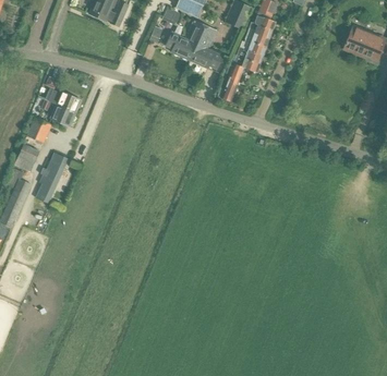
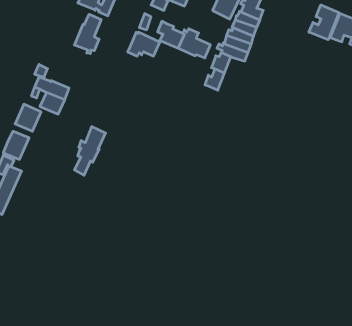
building: none -> [309,5,339,40]
building: [184,21,217,45] -> [128,32,160,56]
building: none -> [74,14,101,54]
building: [36,154,68,203] -> [74,127,106,175]

